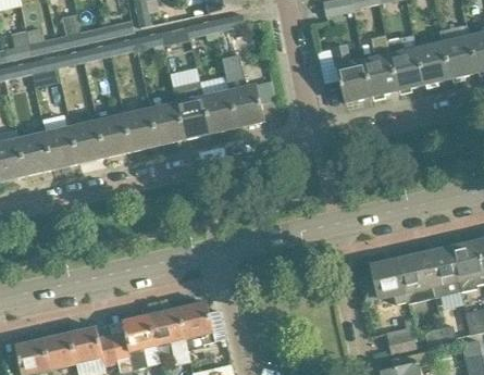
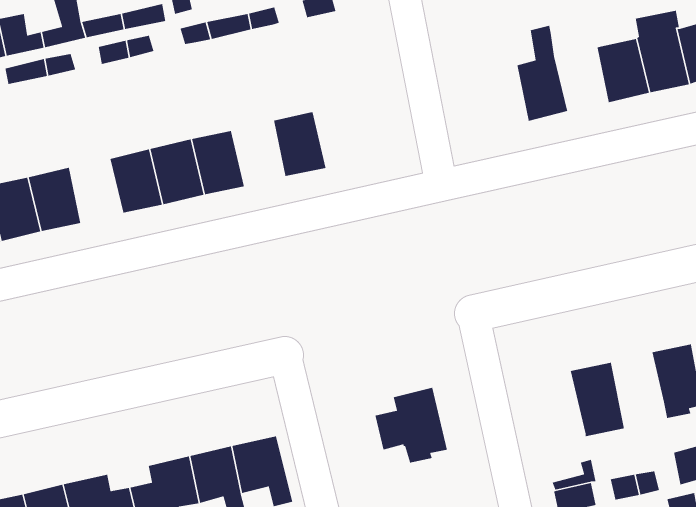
building: [385,34,422,90] -> none
building: [331,45,370,102] -> none
building: [221,54,264,127] -> none
building: [173,82,211,139] -> none
building: [71,121,106,163] -> none
building: [424,247,460,297] -> none
building: [359,259,407,309] -> [375,387,448,464]

